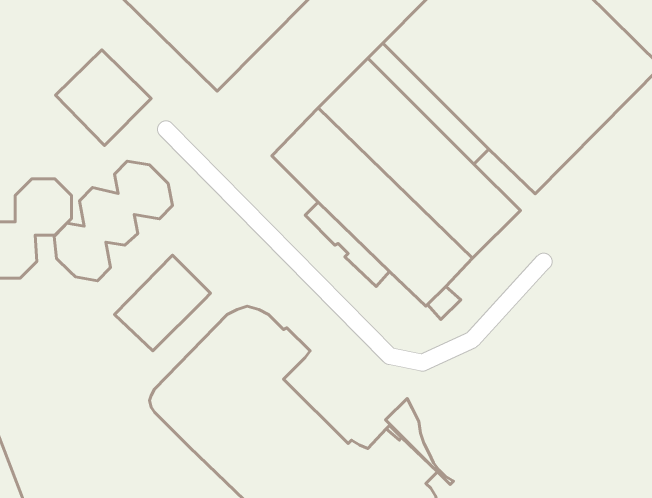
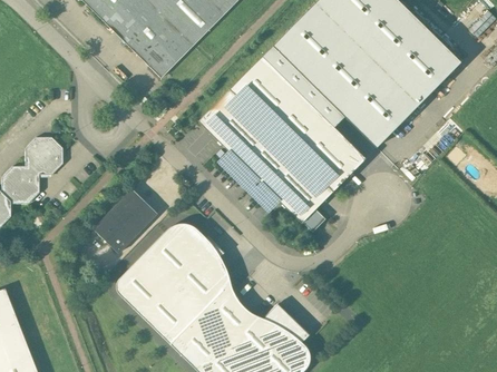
building: [56,50,151,146] -> none
building: [54,161,172,281] -> none
building: [386,398,454,484] -> [206,257,252,315]

